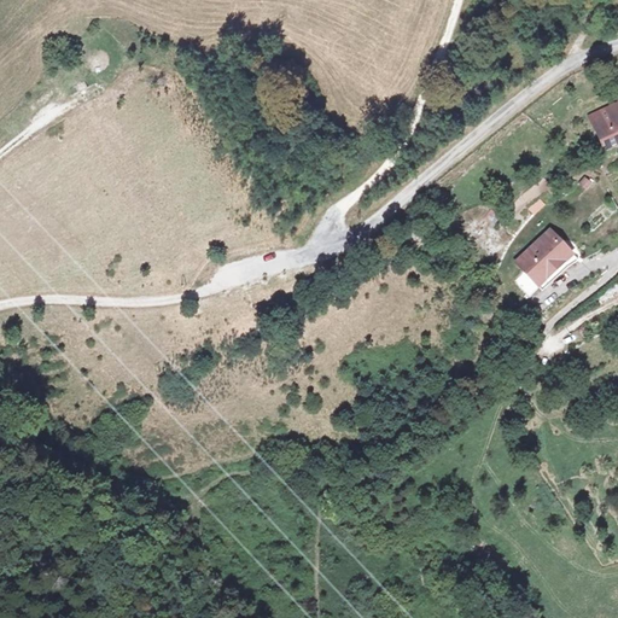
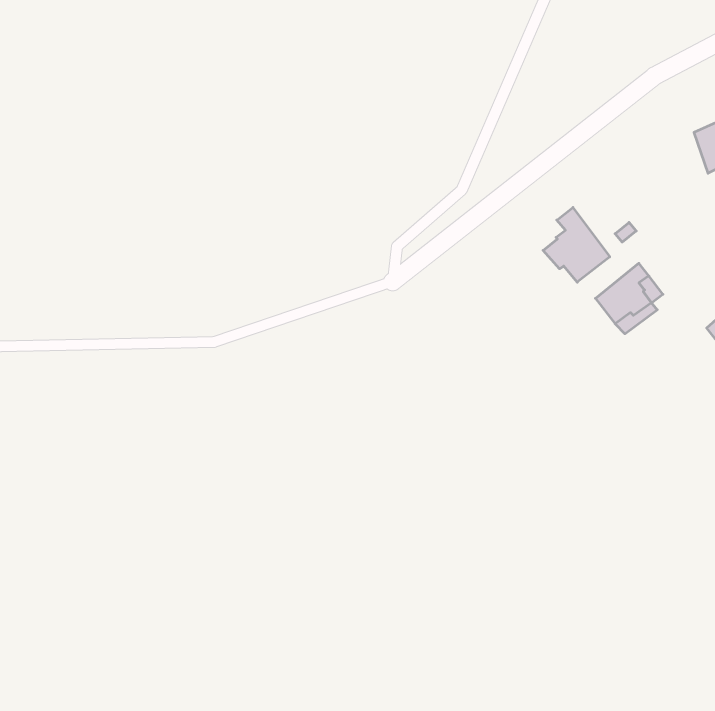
building: none -> [543,207,610,282]

